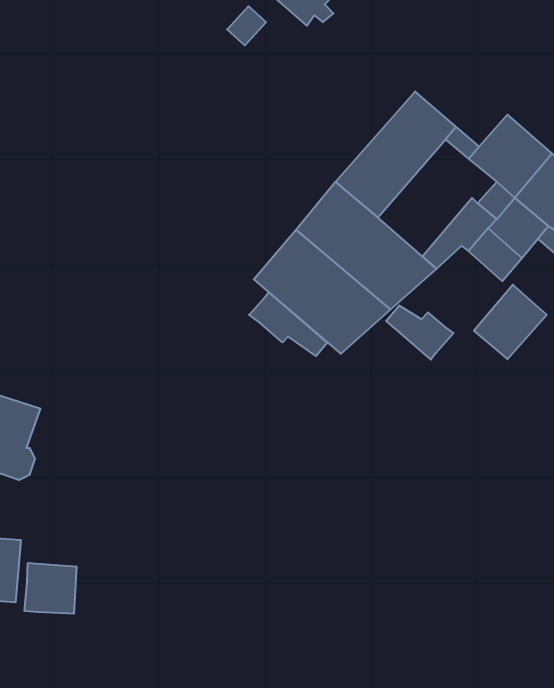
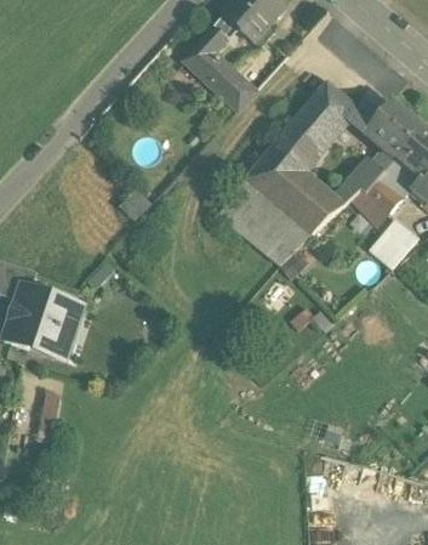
building: none -> [201,57,253,108]
building: [249,292,327,356] -> none
building: [386,305,454,360] -> none
building: [25,563,76,614] -> none

